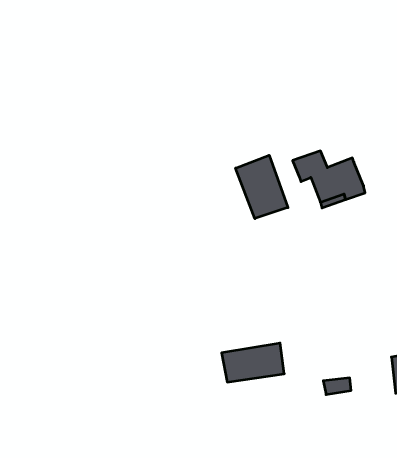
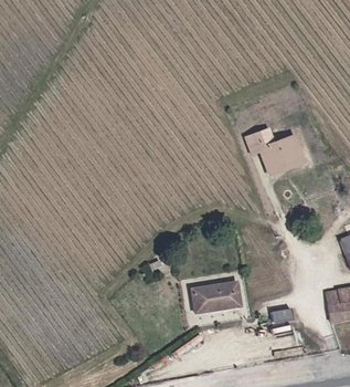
building: [236,155,288,219] -> none

